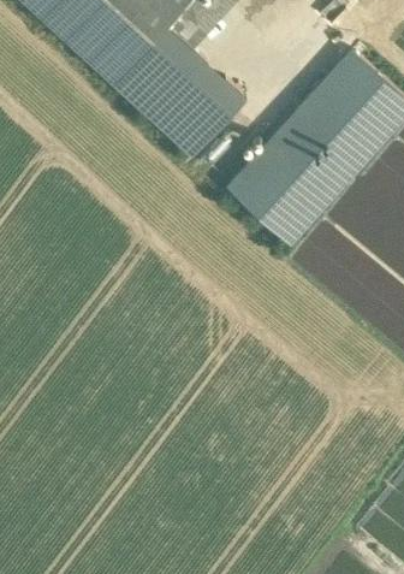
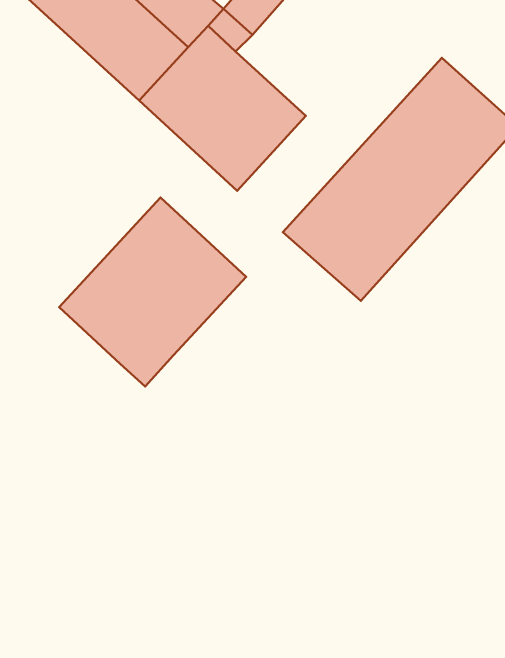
building: none -> [59,197,246,387]

